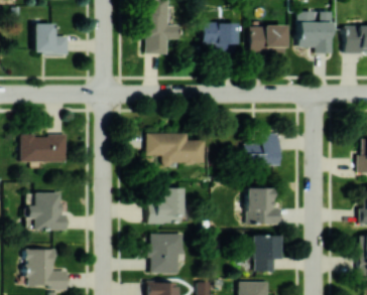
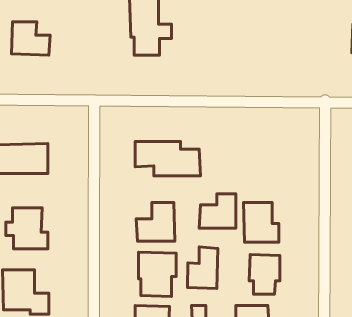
building: [298,11,333,54] -> none
building: [203,23,237,54] -> none
building: [250,25,286,55] -> none
building: [245,134,278,165] -> [199,194,236,228]
building: none -> [188,247,218,289]

